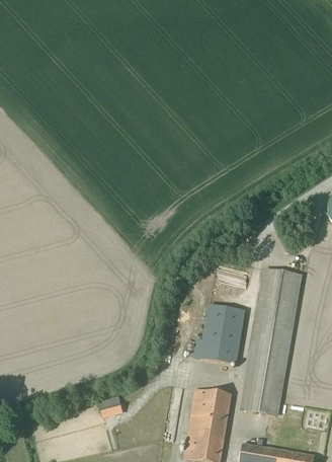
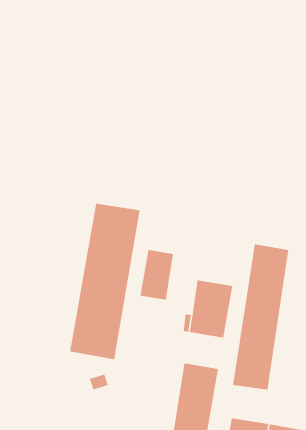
building: none -> [69,203,140,360]
building: none -> [139,249,174,301]

